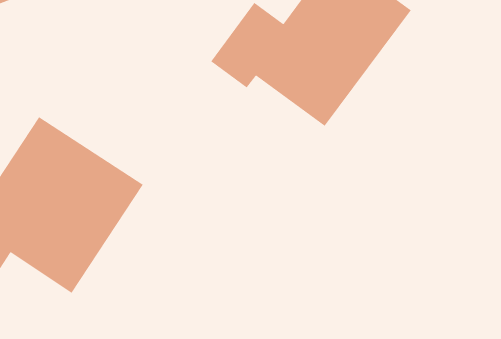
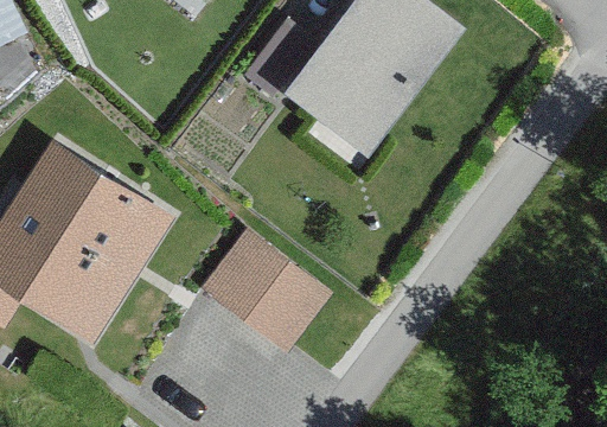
building: none -> [202,231,328,351]

